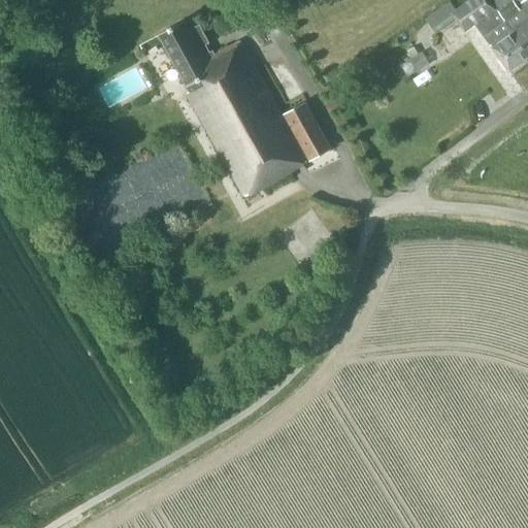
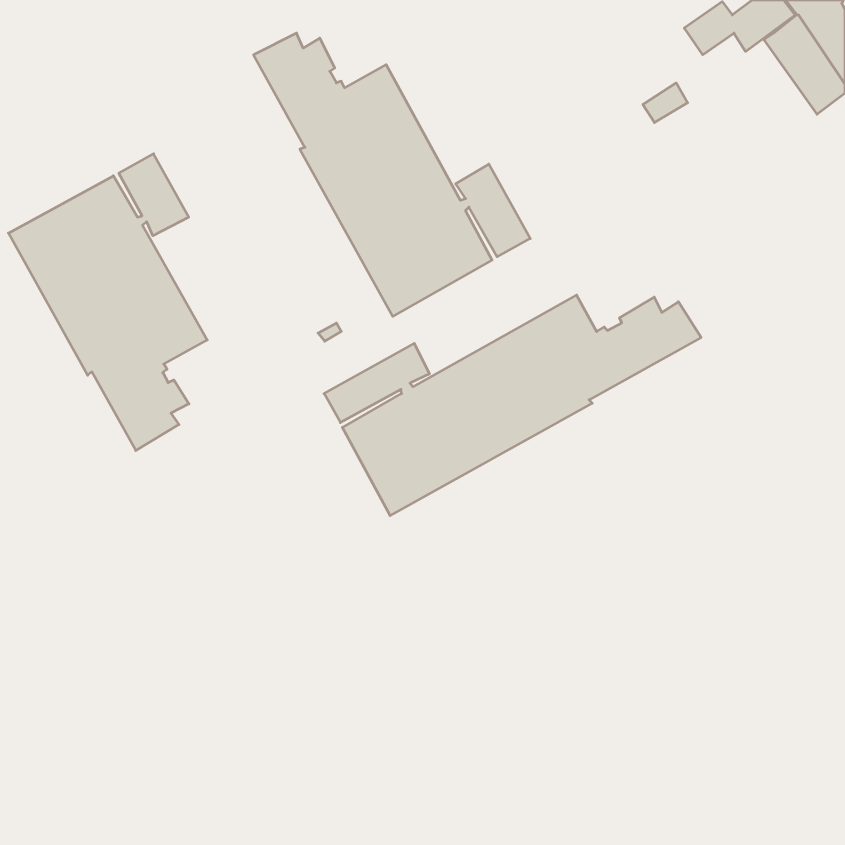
building: none -> [8,154,207,451]
building: none -> [324,295,701,516]

